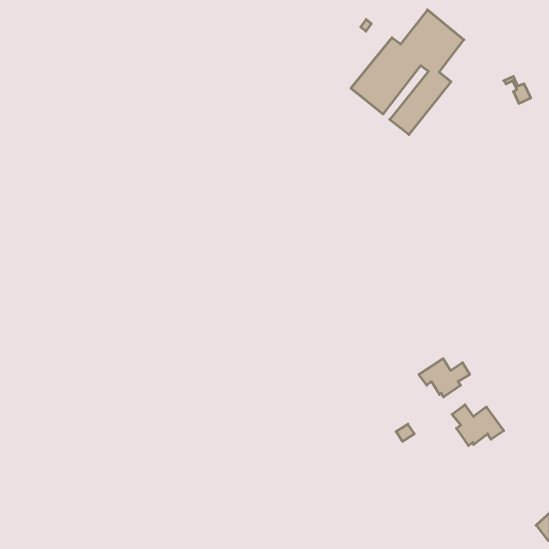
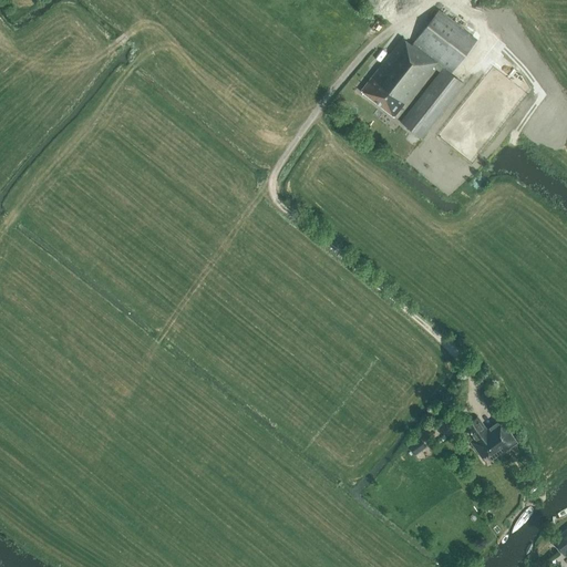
building: [419,359,470,397] -> none

